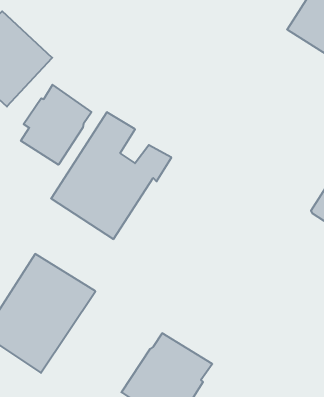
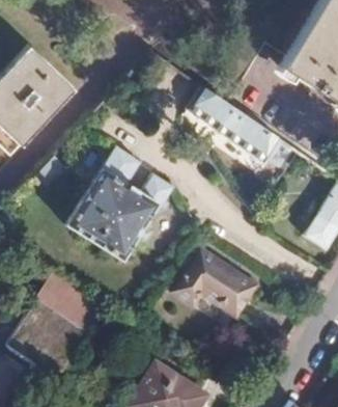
building: none -> [189,87,292,167]
building: [21,85,91,165] -> none
building: none -> [170,252,254,318]

